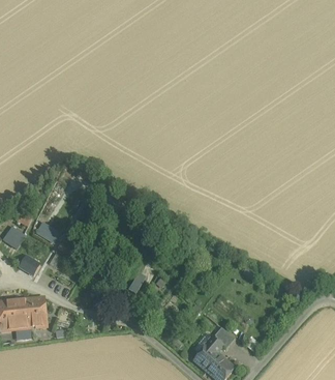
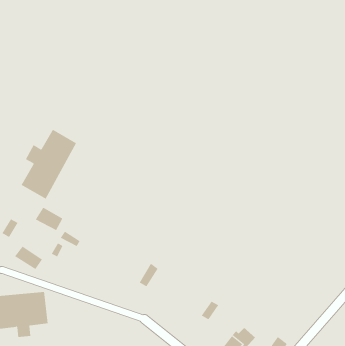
building: none -> [21,129,77,199]

